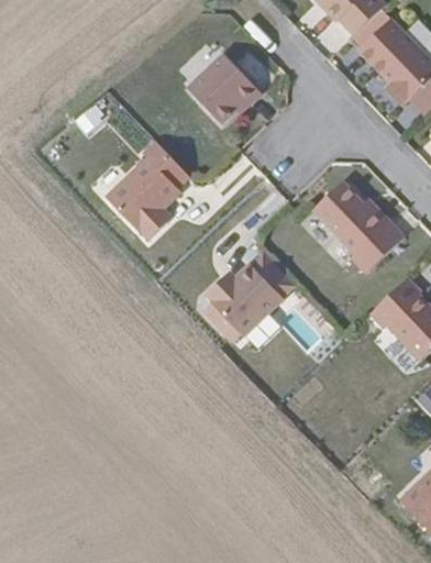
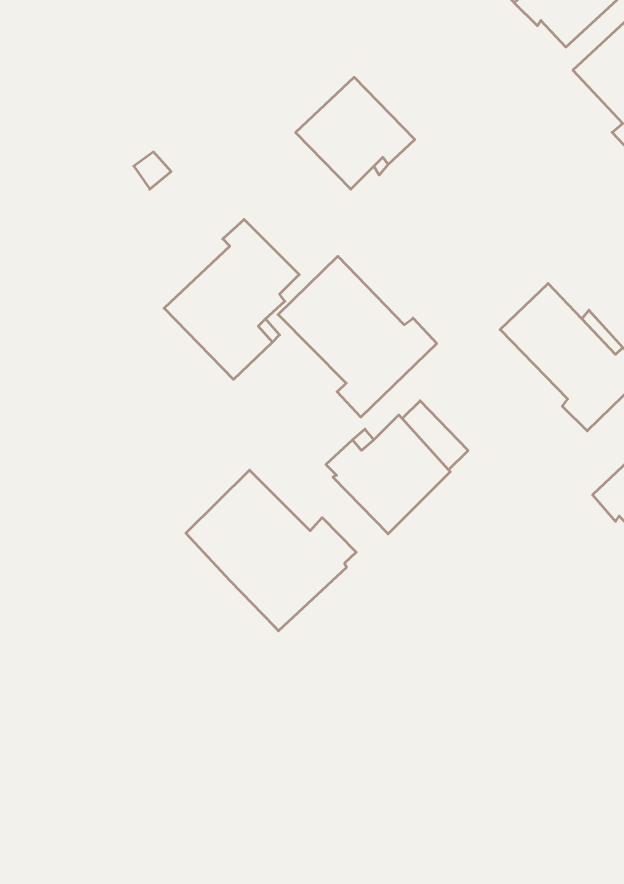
building: none -> [278,256,437,417]
building: none -> [186,470,356,631]

